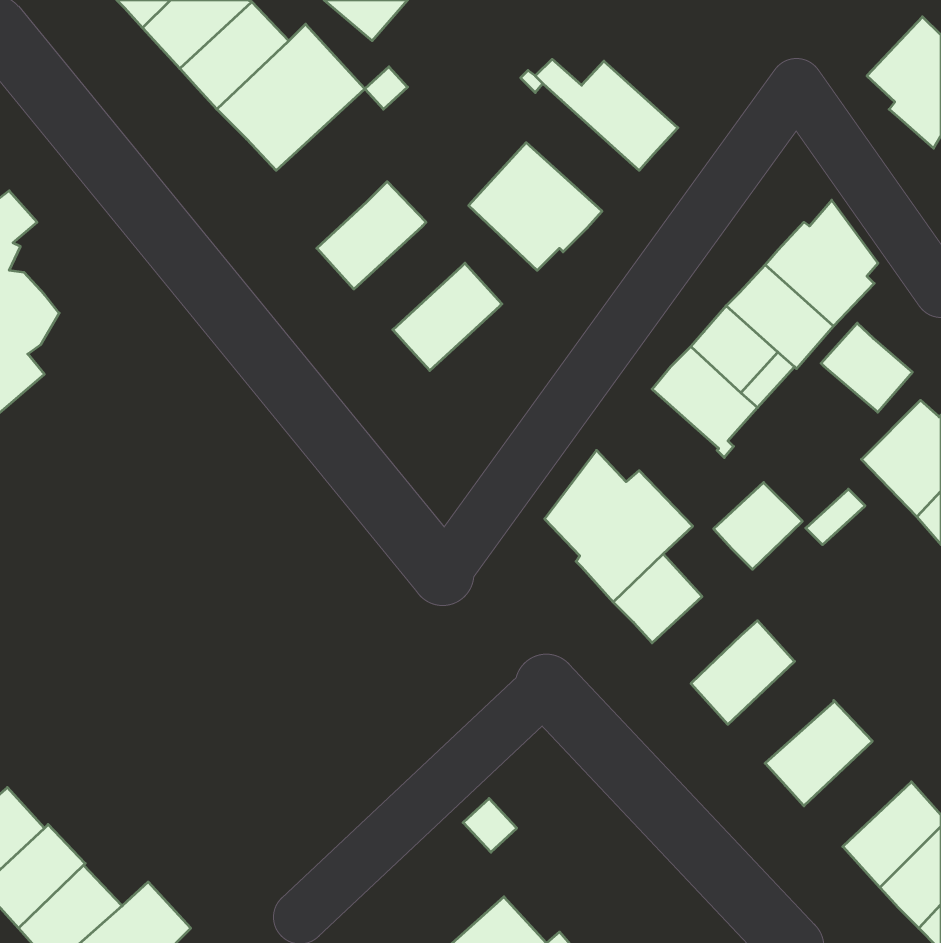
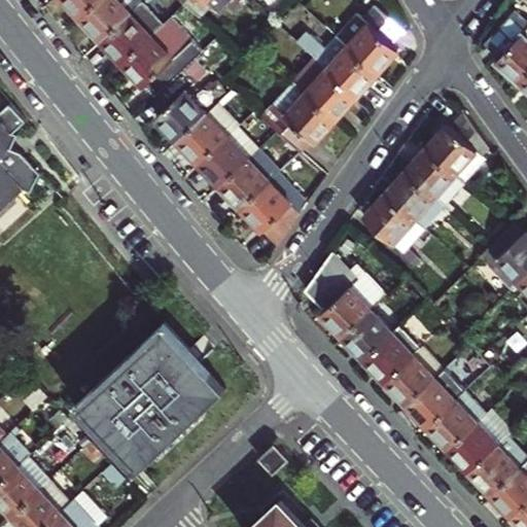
building: none -> [336,7,401,73]
building: none -> [291,58,355,119]
building: none -> [154,91,204,140]
building: none -> [197,128,256,185]
building: none -> [239,172,307,246]
building: [821,323,912,412] -> none
building: [714,482,802,569] -> [362,333,412,382]
building: none -> [76,323,226,472]
building: none -> [405,370,463,426]
building: none -> [447,407,514,472]

